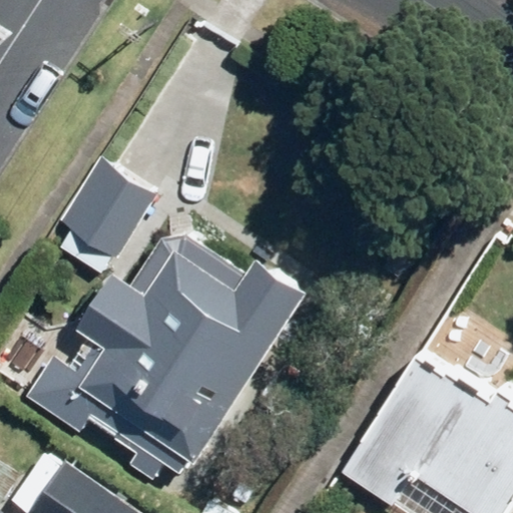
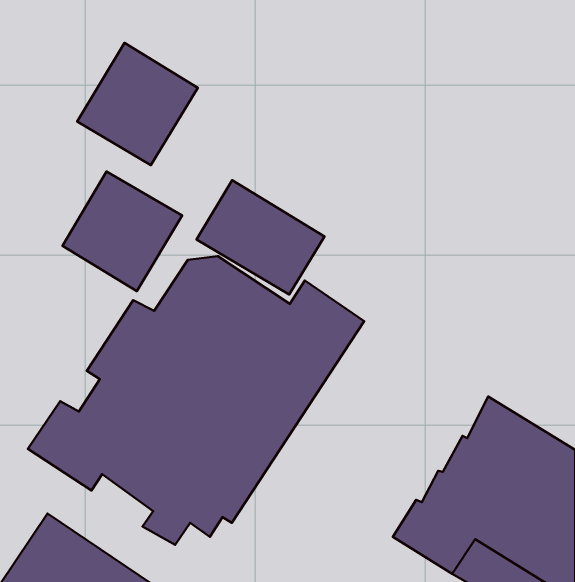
building: none -> [77,43,198,165]
building: none -> [196,180,325,295]

